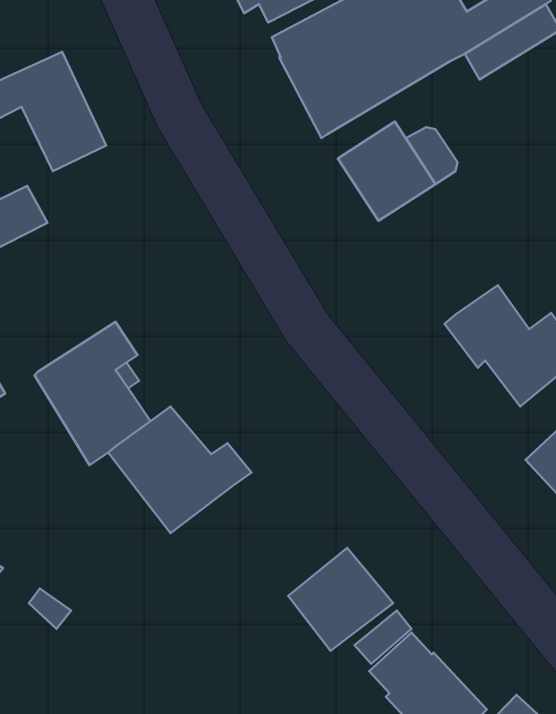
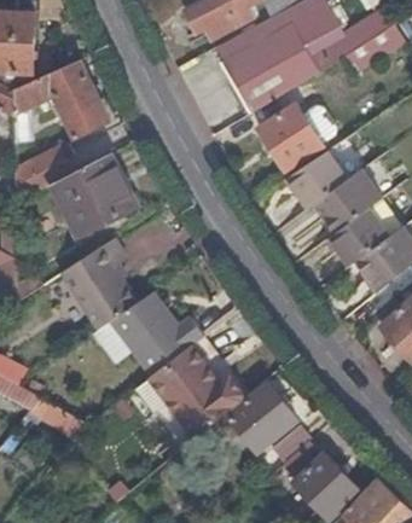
building: none -> [48,152,133,233]
building: none -> [288,152,379,231]
building: none -> [150,343,248,436]

